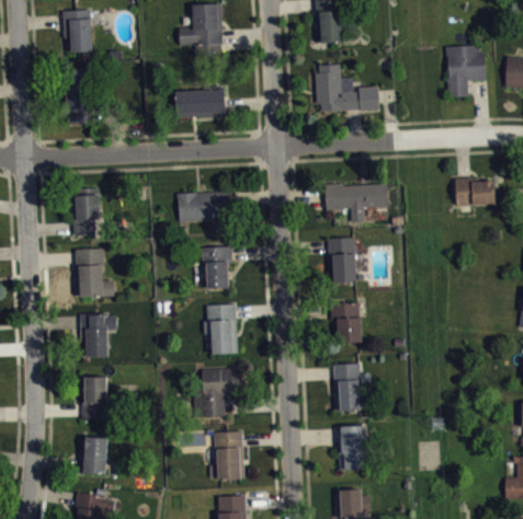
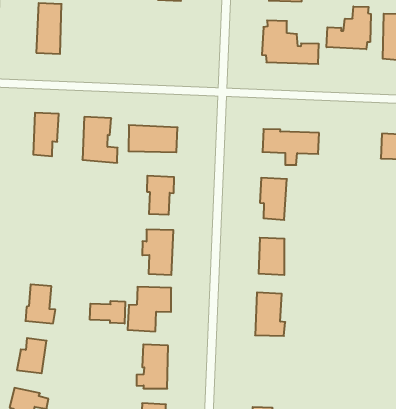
building: none -> [327,6,371,49]
building: [175,89,226,117] -> none
building: [75,249,115,297] -> [82,117,118,163]
building: [80,313,116,357] -> none
building: none -> [90,301,125,324]
building: [338,426,368,471] -> none

